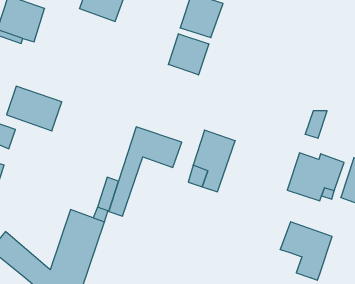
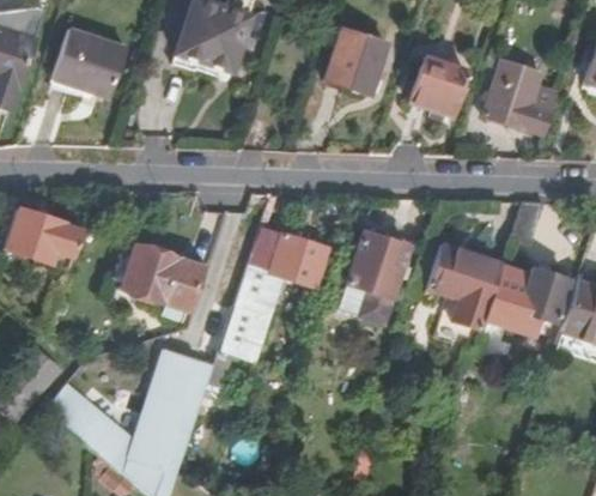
building: none -> [406,58,468,117]
building: none -> [485,60,558,134]
building: [168,34,209,75] -> none
building: [7,86,62,131] -> [118,247,200,313]
building: [280,222,332,280] -> [425,244,501,331]

